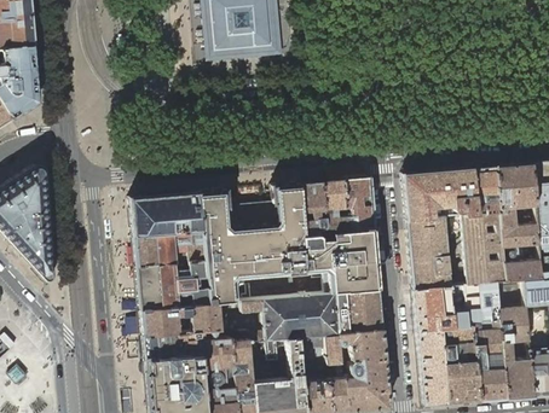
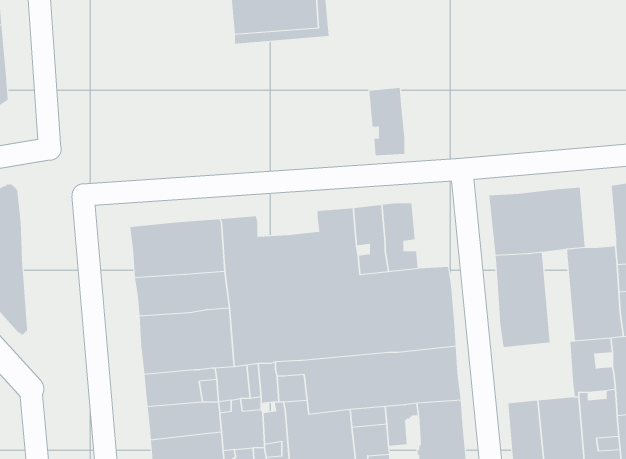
building: [473,167,499,214] -> none
building: [345,178,372,229] -> [369,87,405,156]
building: [414,285,468,332] -> none

